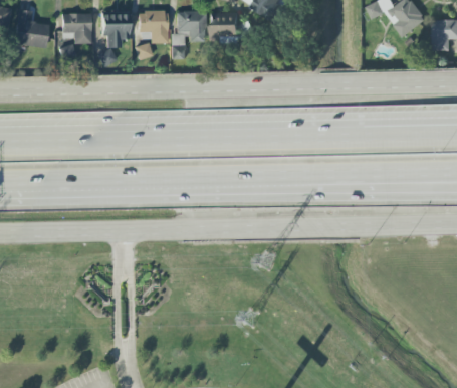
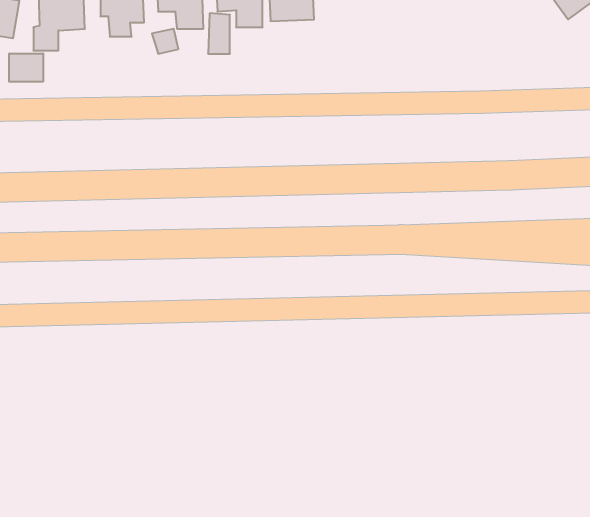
building: none -> [9,53,43,82]

